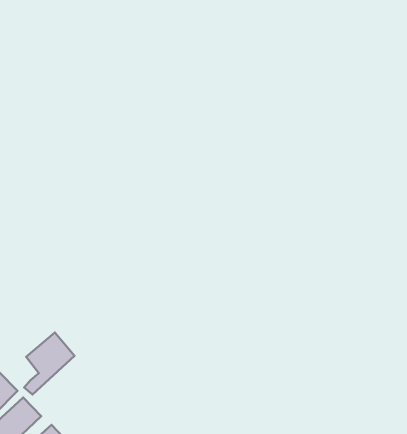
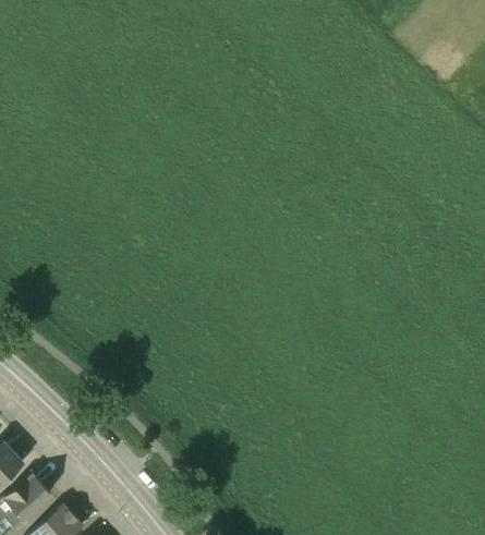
building: [24,332,74,395] -> none

